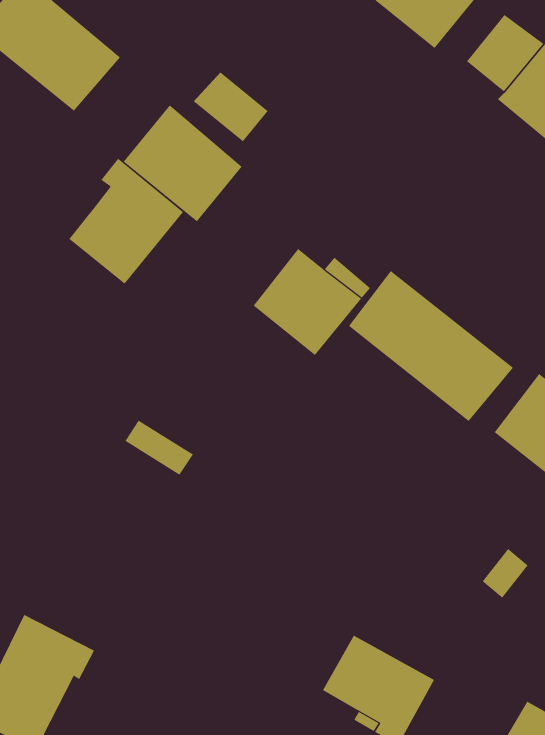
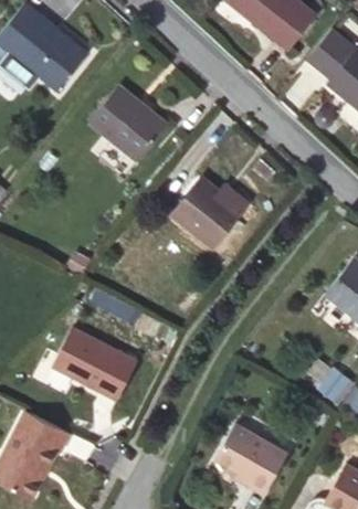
building: [193,72,268,142] -> none
building: [69,158,184,284] -> none
building: [348,270,514,422] -> none
building: none -> [52,328,137,399]

